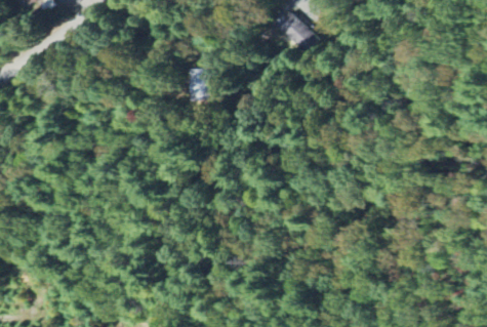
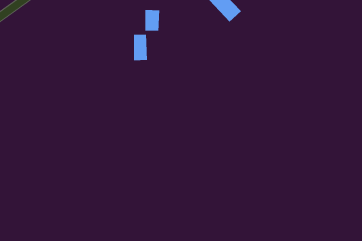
building: none -> [145,9,160,32]

